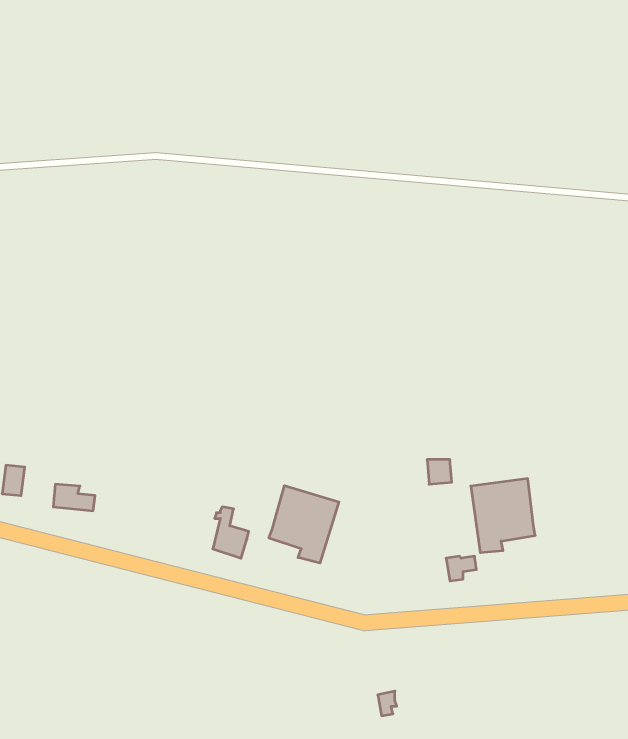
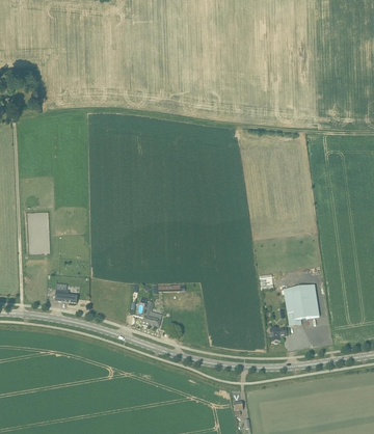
building: [269,486,339,563] -> none

